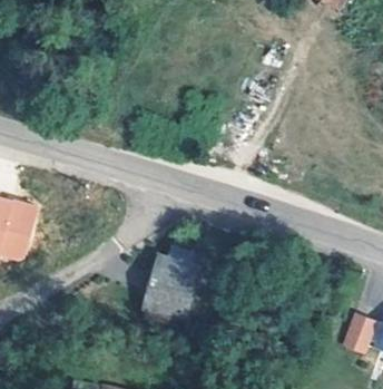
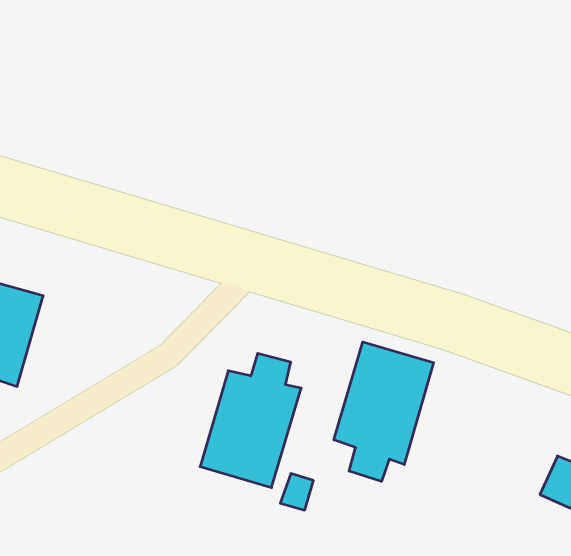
building: none -> [334,342,434,481]

